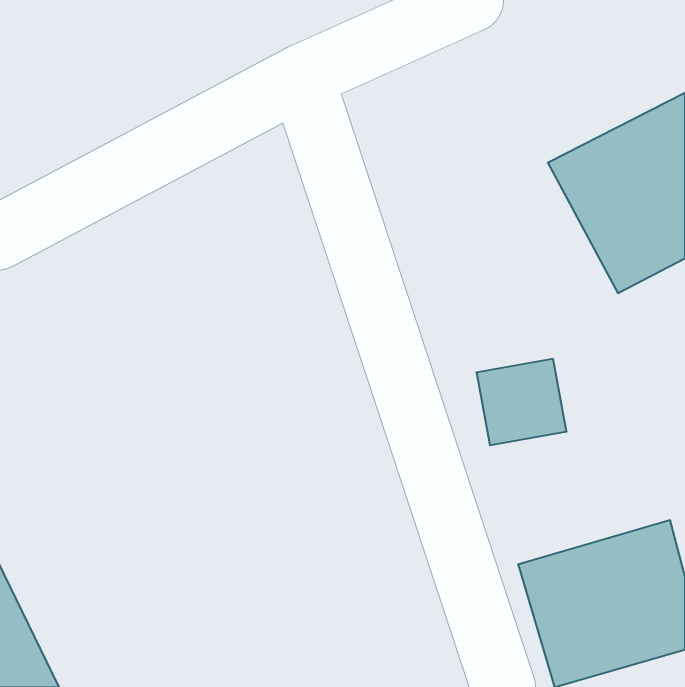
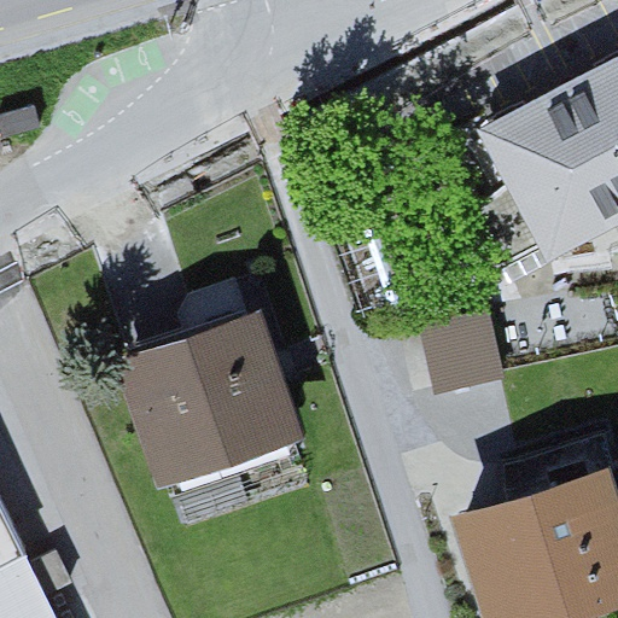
building: none -> [126,315,298,488]

